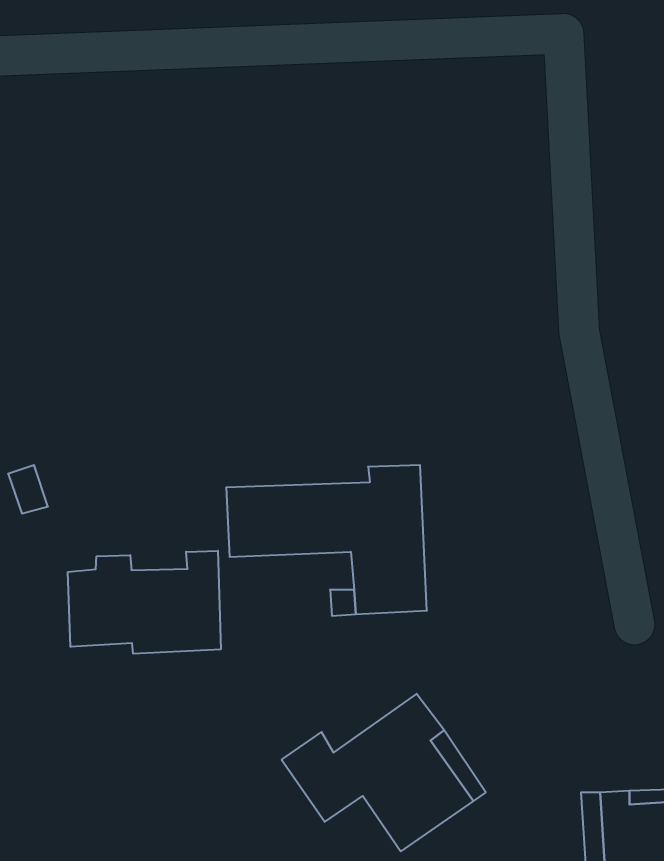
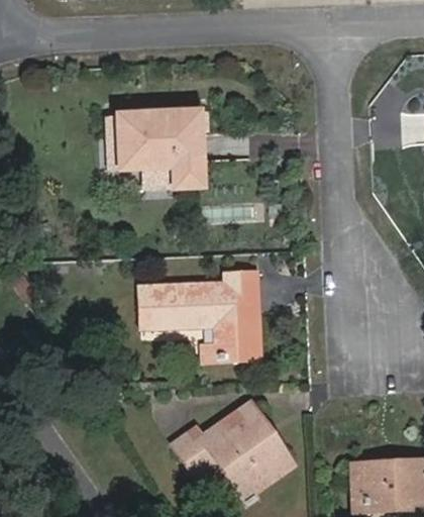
building: none -> [115,109,202,188]
building: [68,551,221,654] -> none

